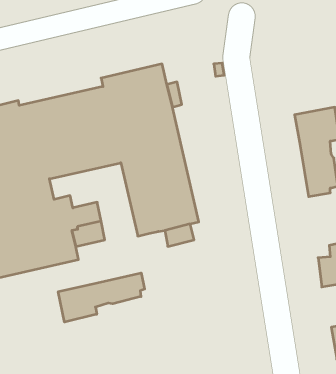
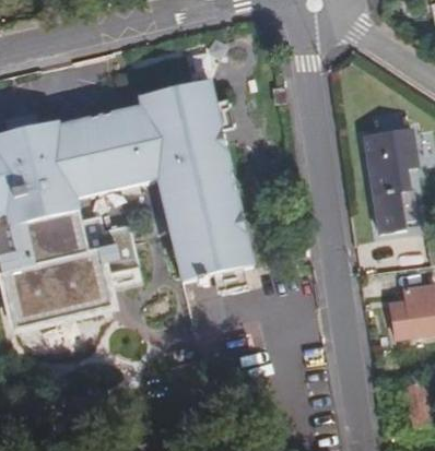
building: [58,273,145,322] -> none

